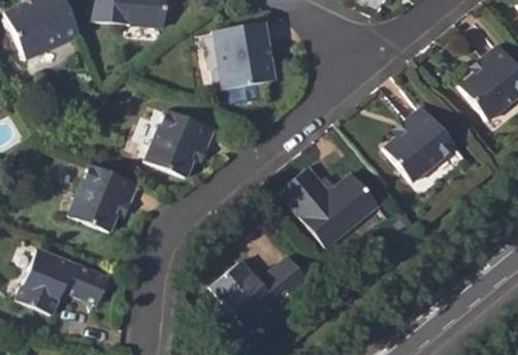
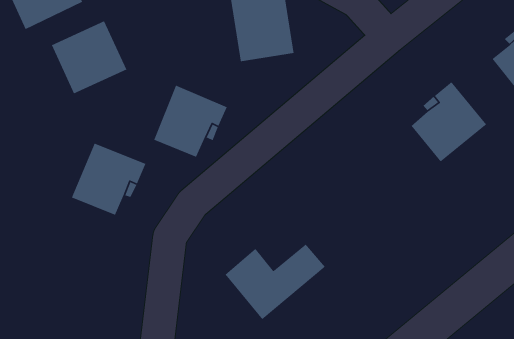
building: none -> [51,20,127,94]
building: [279,168,378,249] -> none
building: [18,249,108,314] -> none

